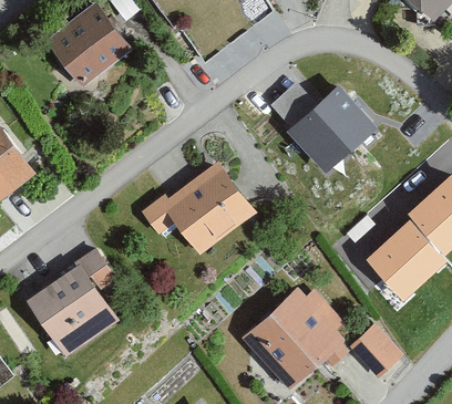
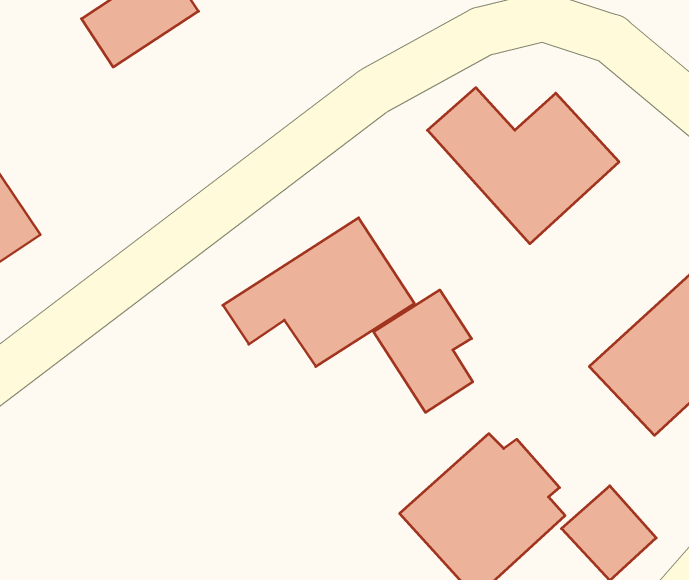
building: none -> [374,290,473,412]
building: [27,257,119,358] -> none

